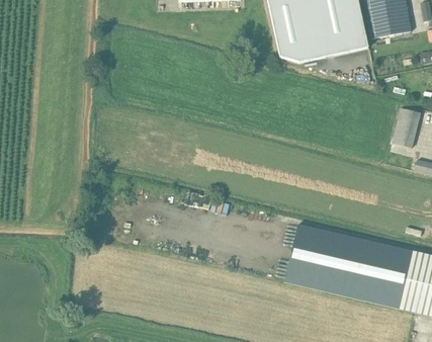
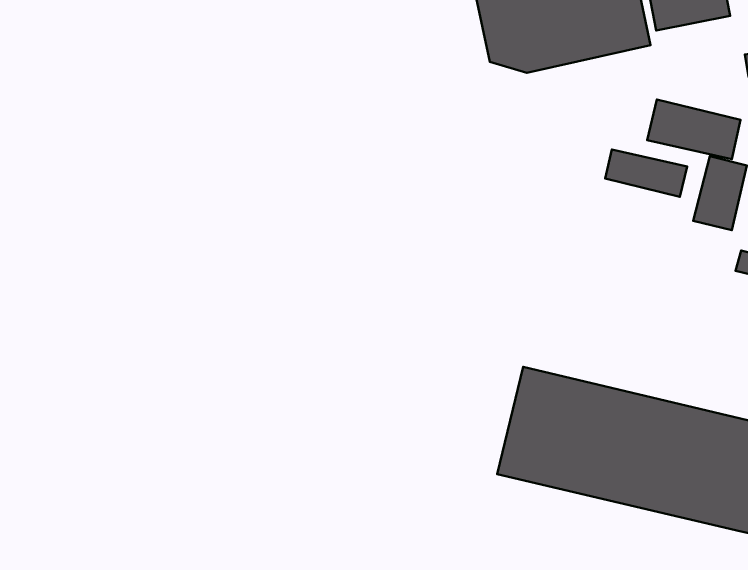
building: none -> [647,99,740,159]
building: none -> [605,150,687,197]

